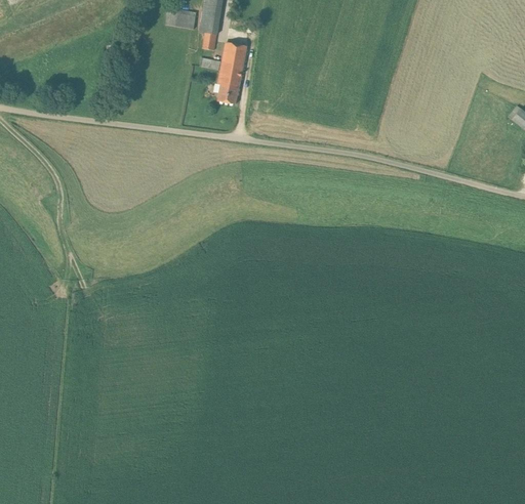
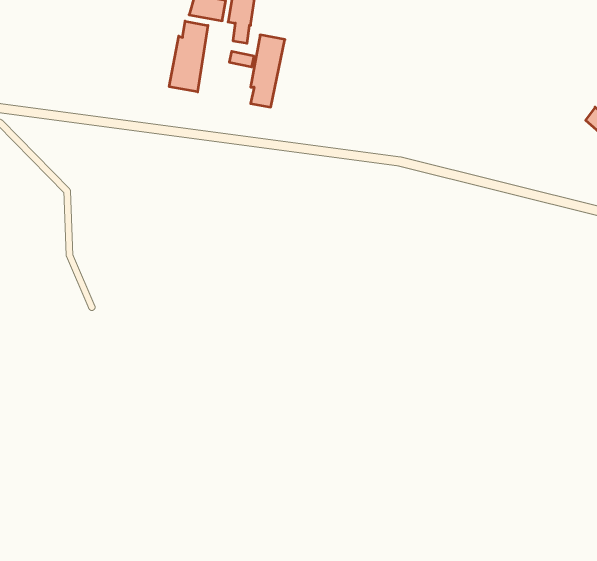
building: none -> [169,21,208,92]

